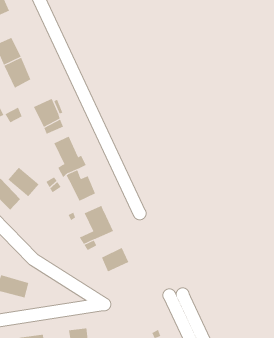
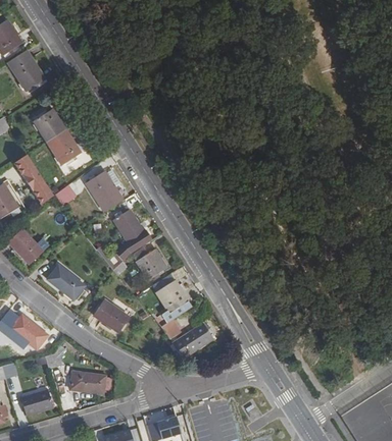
building: [8,167,39,197] -> [95,300,131,332]

